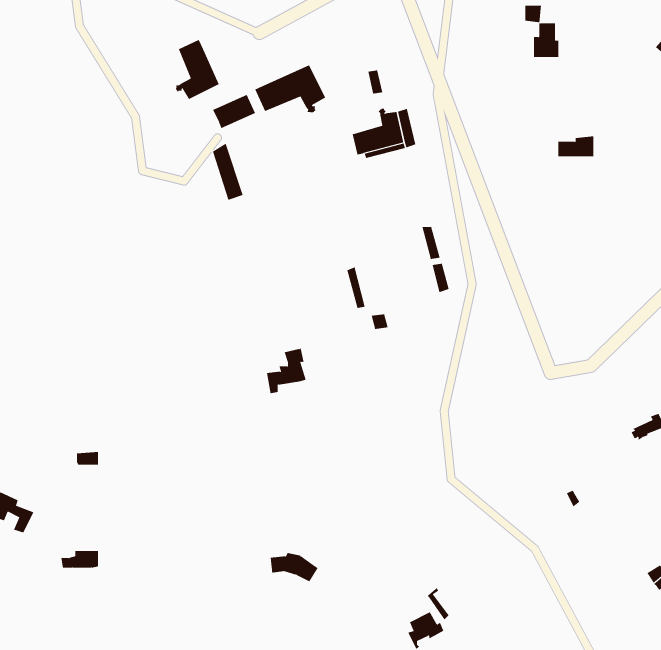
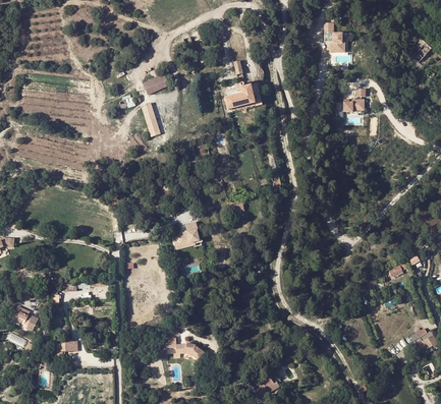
building: [176,39,220,100] -> none
building: [254,64,326,113] -> none

